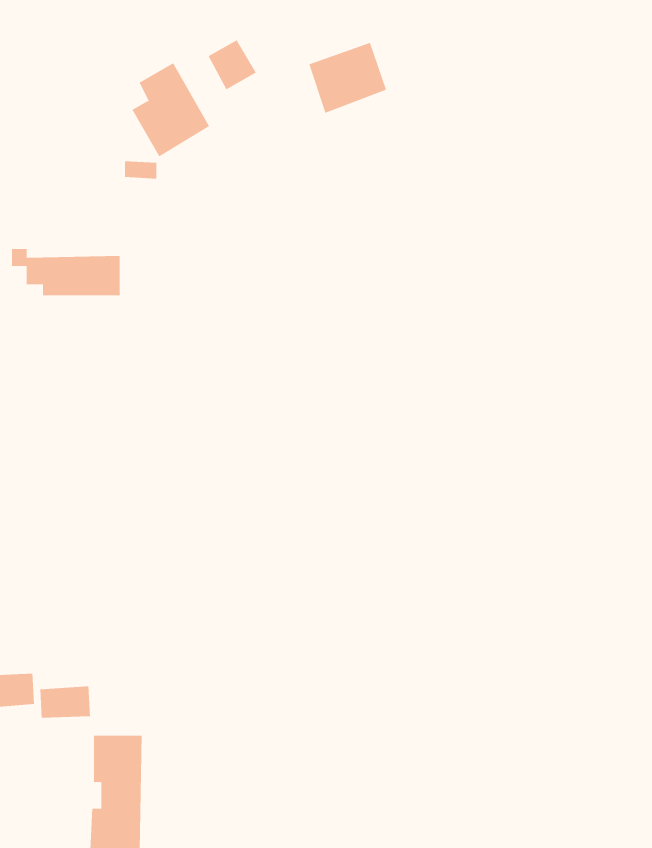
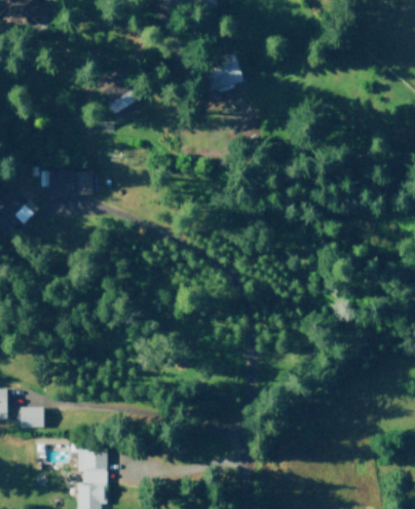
building: [208,39,257,90] -> none
building: [40,685,91,718] -> none

